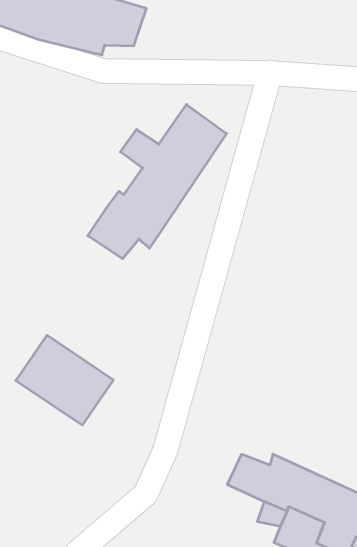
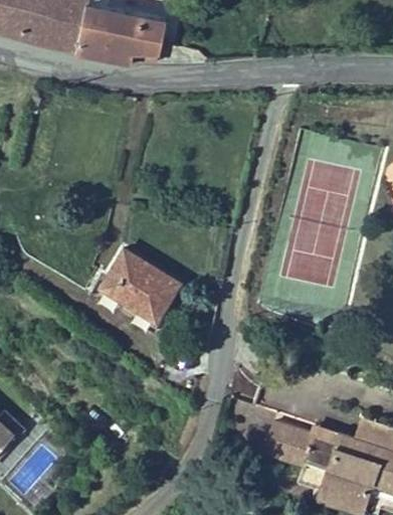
building: [88,104,227,259] -> none
building: [16,335,113,425] -> [95,247,183,326]

